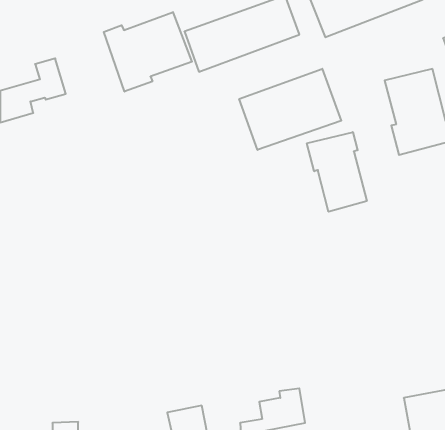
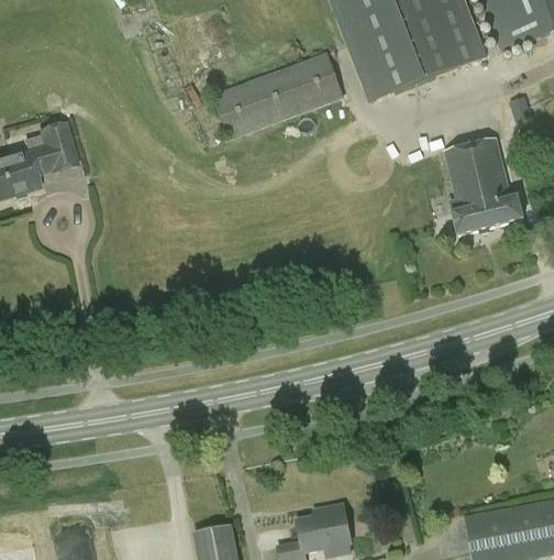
building: [104,12,192,92] -> none
building: [239,69,341,150] -> none
building: [307,132,367,212] -> none

